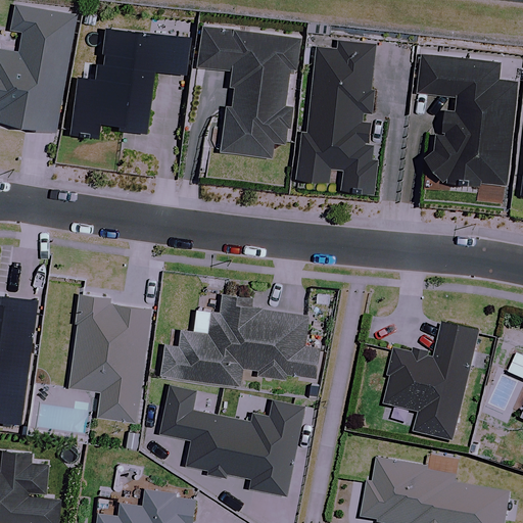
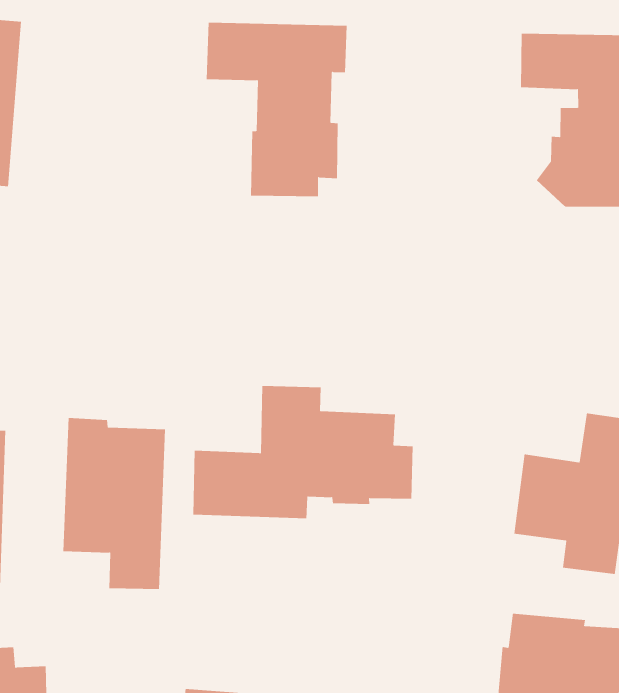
building: [69,29,190,137] -> none
building: [298,43,376,191] -> none
building: [160,385,303,492] -> none

